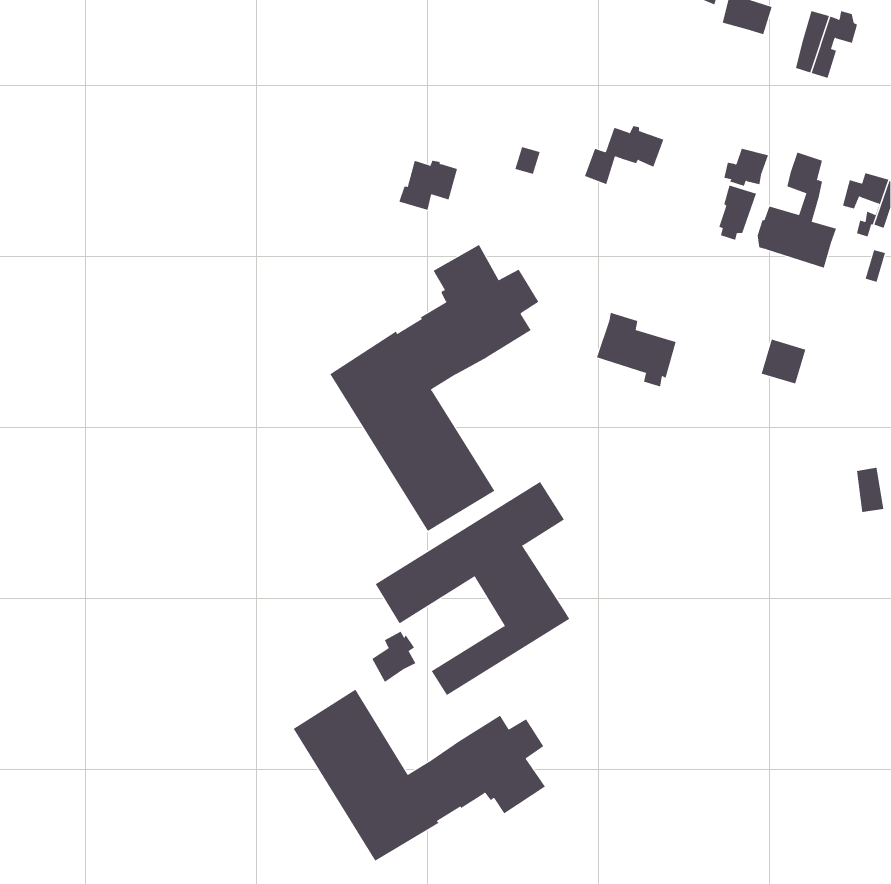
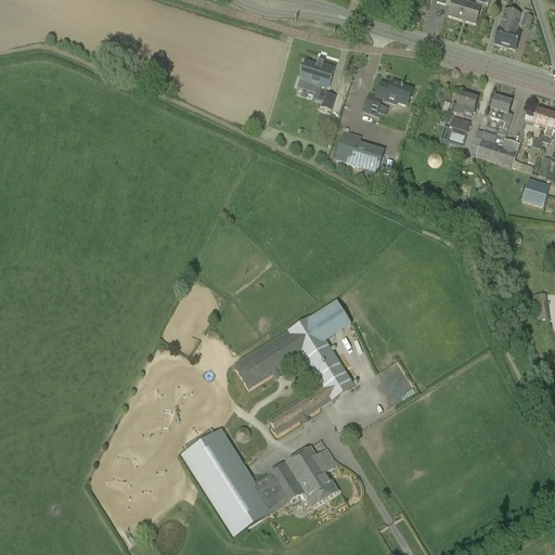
building: [399,160,458,211] -> [297,61,334,92]
building: [330,244,539,532] -> none
building: [596,312,676,387] -> [335,130,385,177]
building: [761,339,806,384] -> [521,178,550,206]
building: [372,631,416,683] -> none

